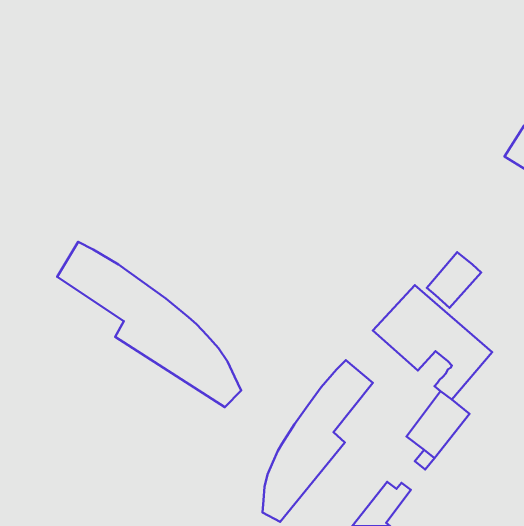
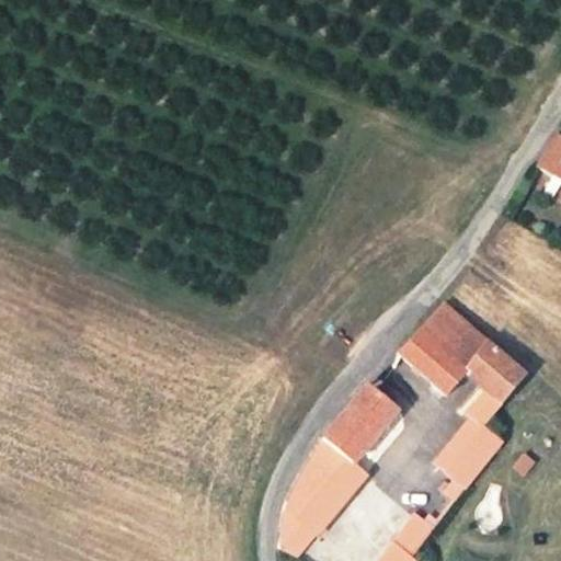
building: [57,242,241,407] -> none
building: [427,252,481,308] -> none

